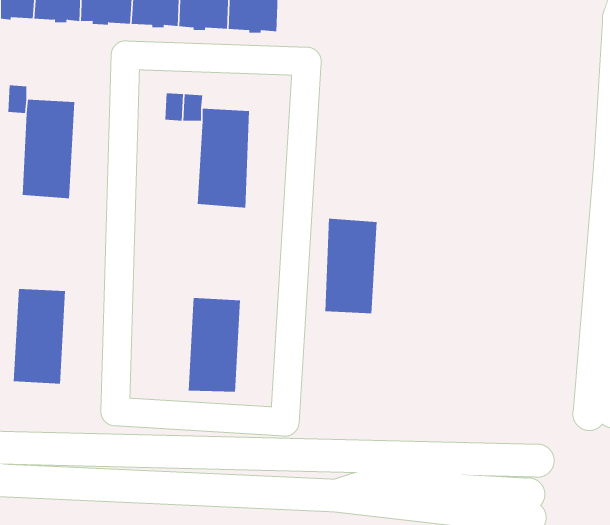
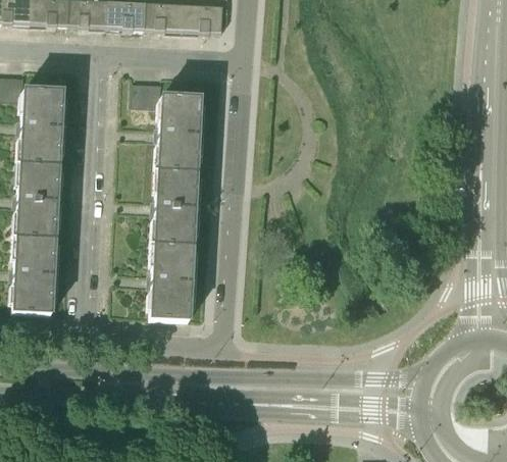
building: none -> [18,162,59,238]
building: [324,218,377,314] -> [156,169,198,245]

